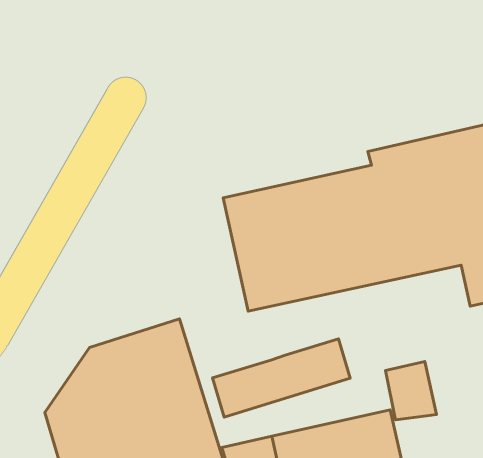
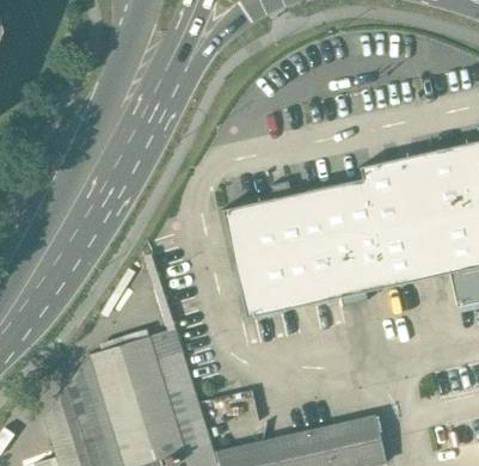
building: [212,339,350,417] -> none
building: [385,362,437,420] -> none

